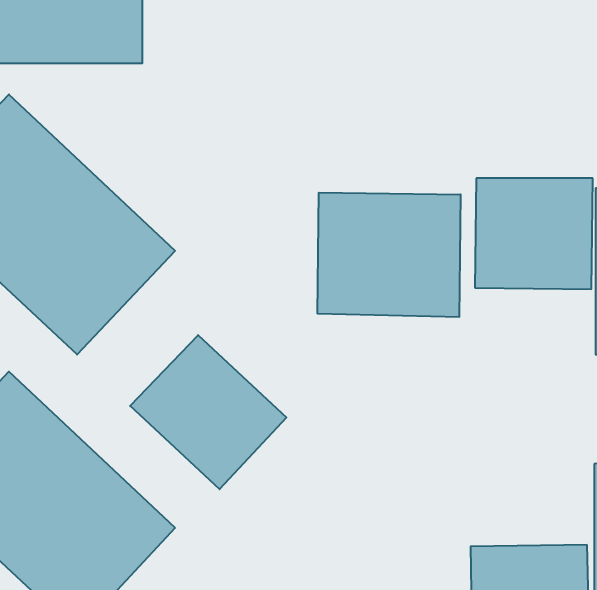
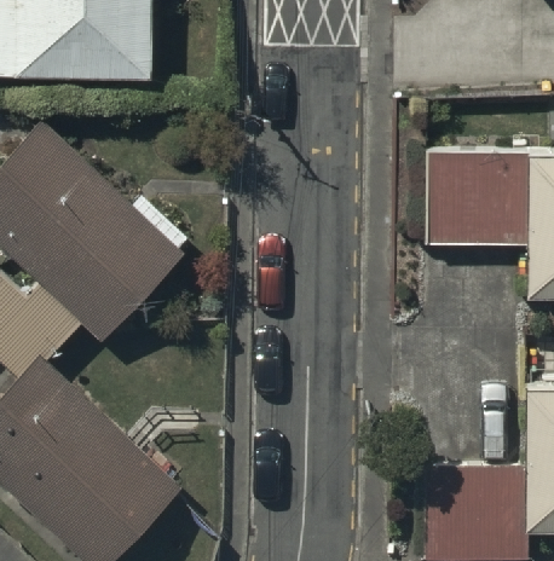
building: [318,193,461,317] -> none
building: [130,335,286,489] -> none

